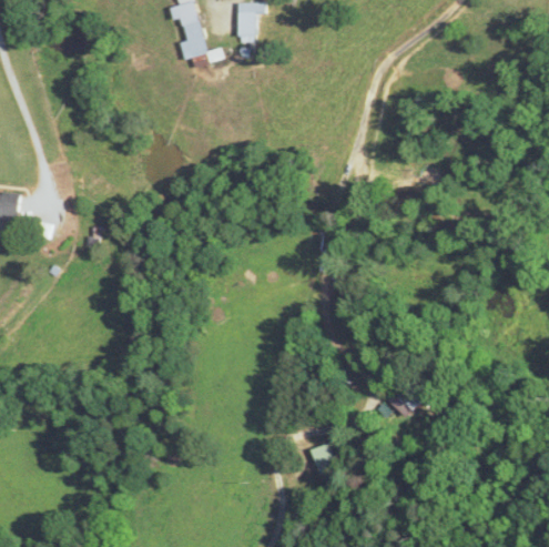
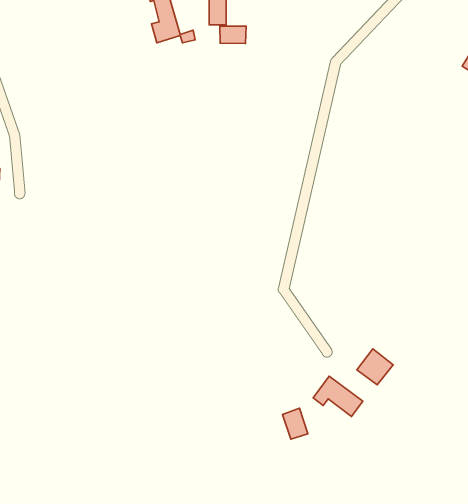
building: none -> [220,26,246,44]
building: none -> [313,376,363,416]

